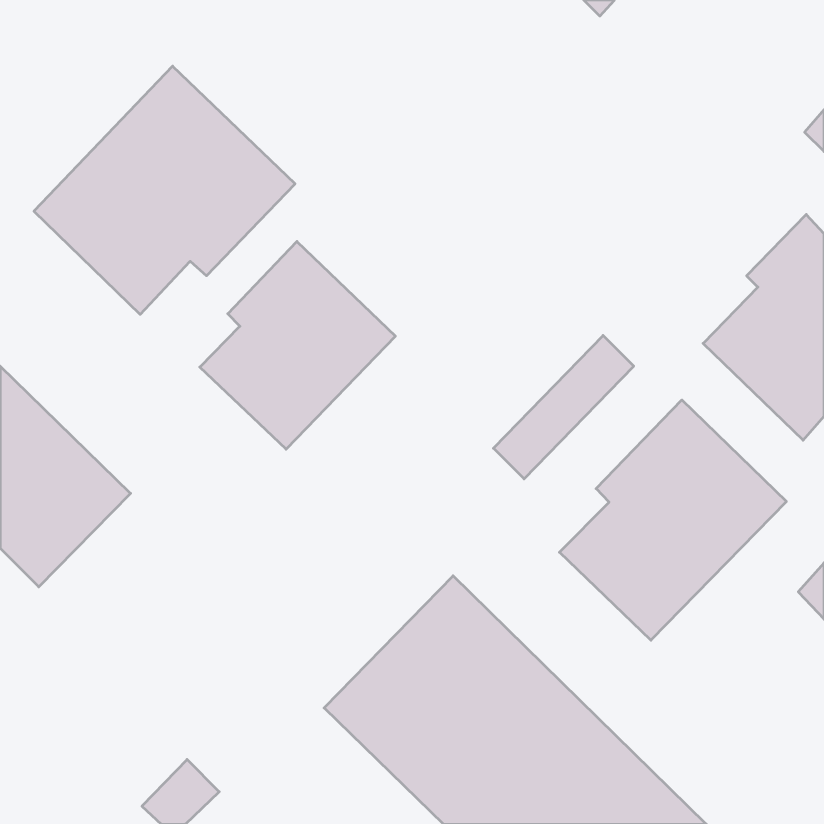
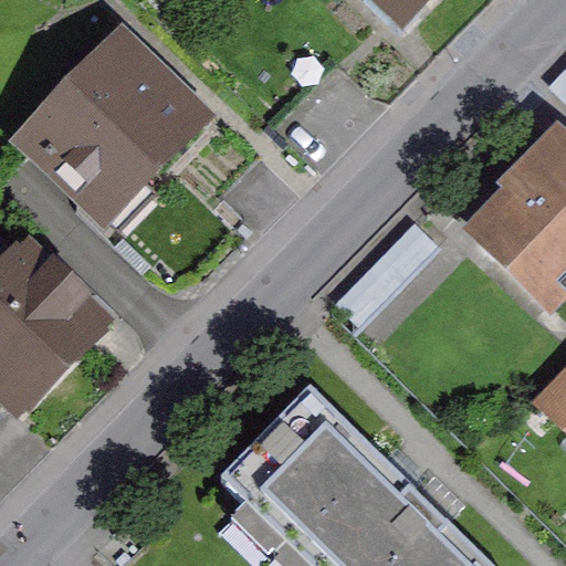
building: [200,241,395,449] -> none
building: [559,400,786,640] -> none

